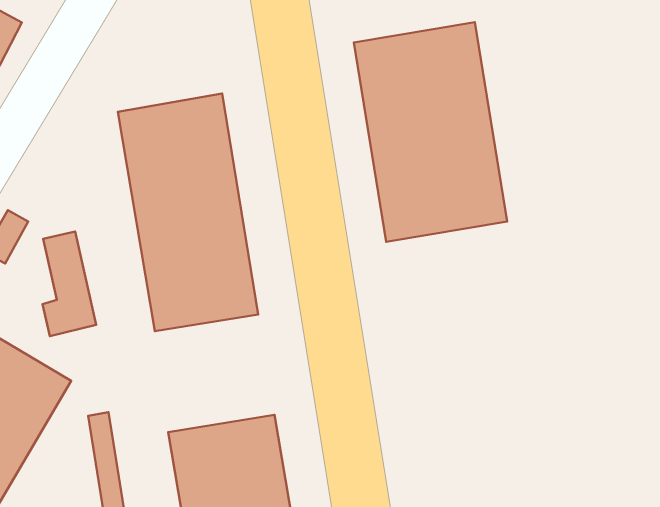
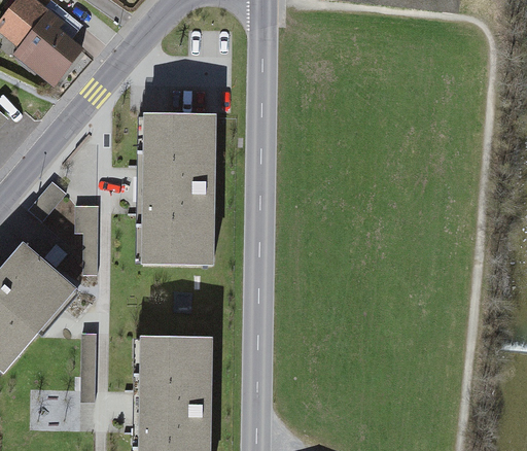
building: [354,22,507,242] -> none

